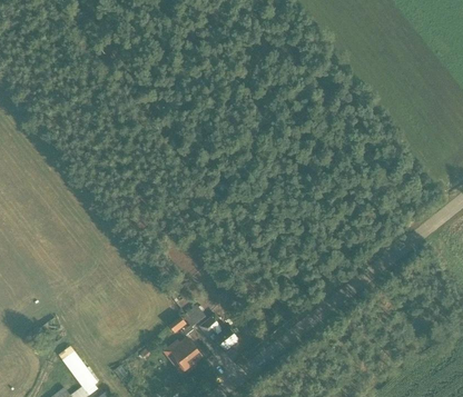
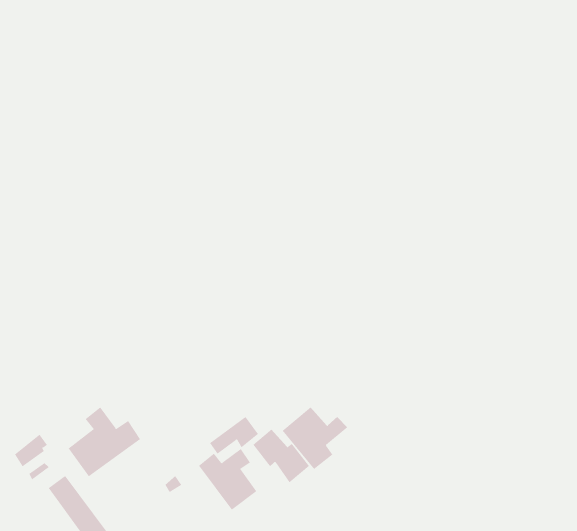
building: none -> [68,406,141,477]
building: none -> [282,406,348,470]

